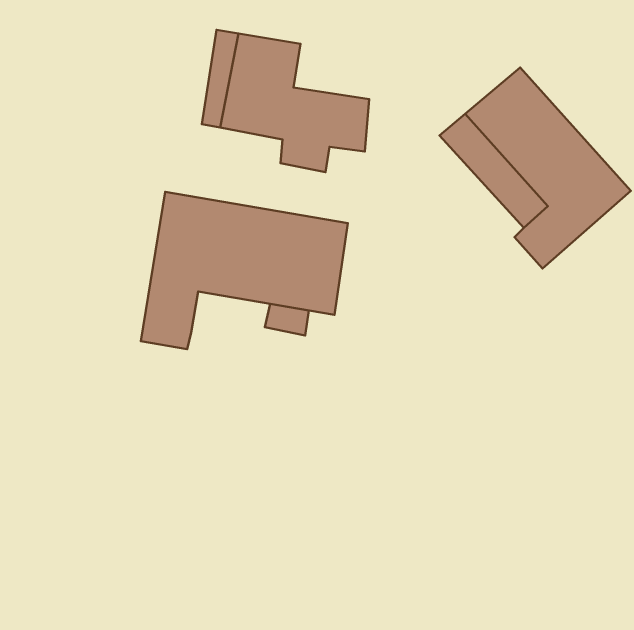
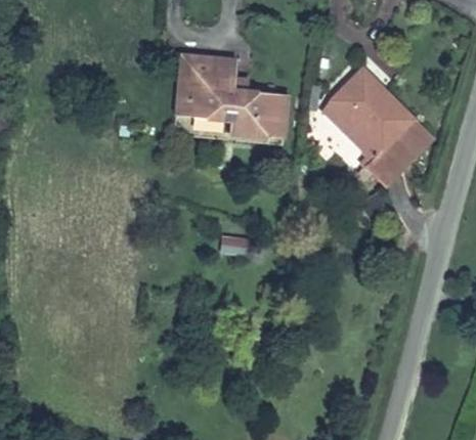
building: none -> [252,92,287,140]
building: [141,192,348,349] -> none

